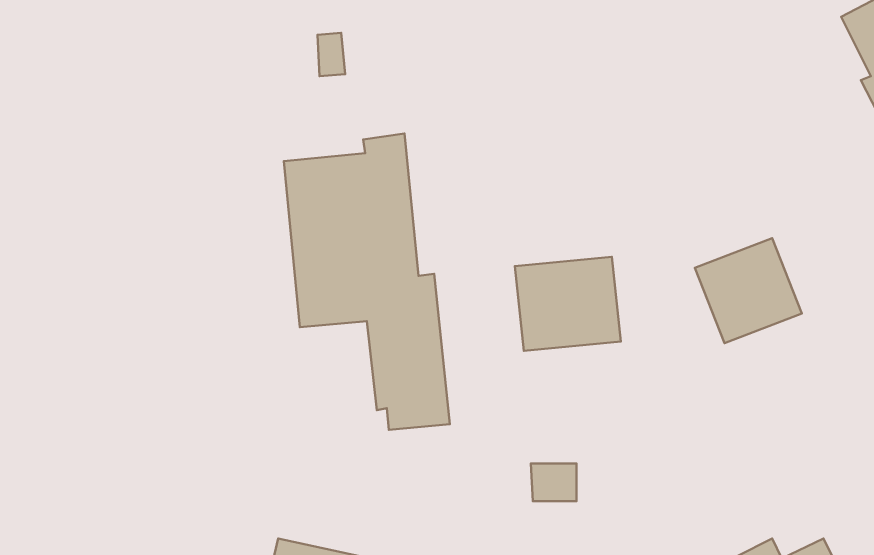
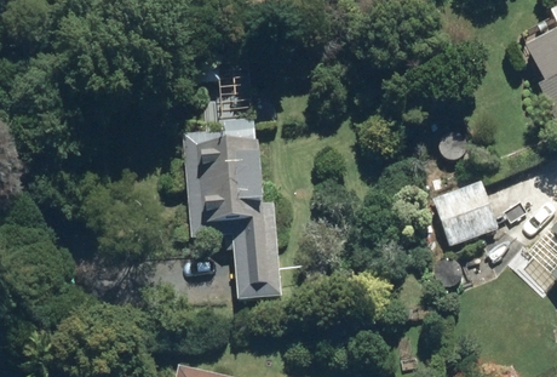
building: [515,257,621,351] -> none

